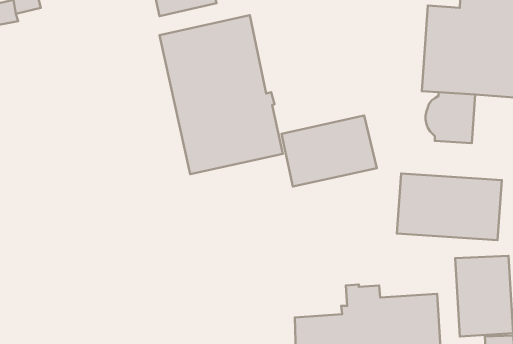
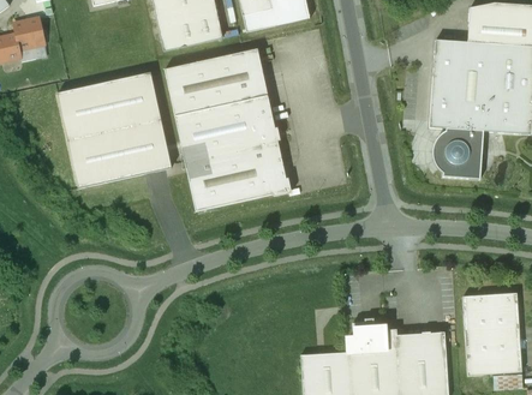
building: none -> [56,72,171,187]
building: [282,116,377,187] -> none
building: [397,174,502,240] -> none

